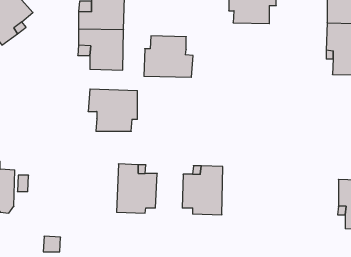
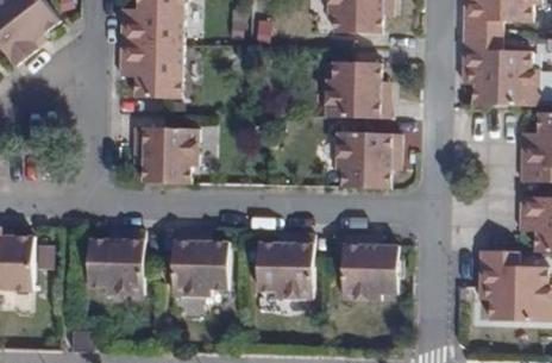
building: [144,36,193,77] -> [324,62,391,119]
building: none -> [333,134,401,188]
building: none -> [92,229,146,296]
building: none -> [341,233,397,301]

